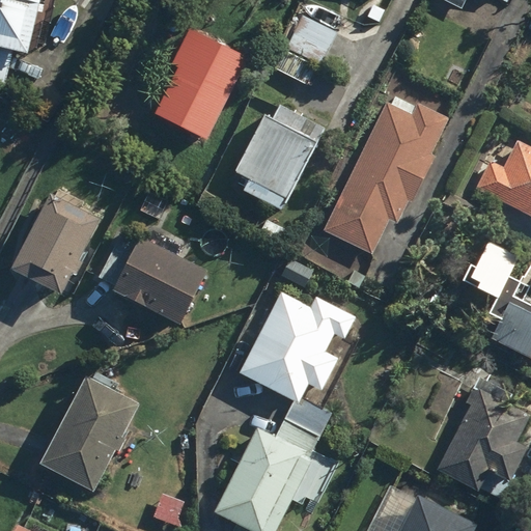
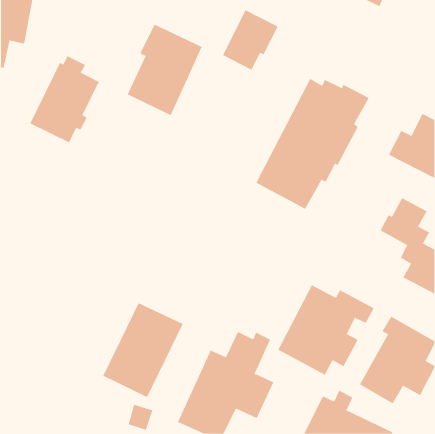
building: [229,99,327,206] -> none
building: [15,186,100,292] -> [30,55,99,143]
building: [112,235,208,326] -> none
building: [240,292,358,403] -> [278,284,375,375]
building: [40,376,139,493] -> [103,303,183,398]

